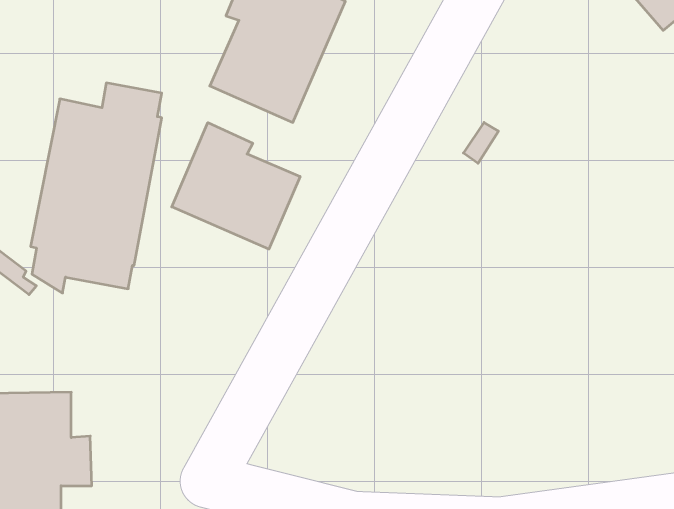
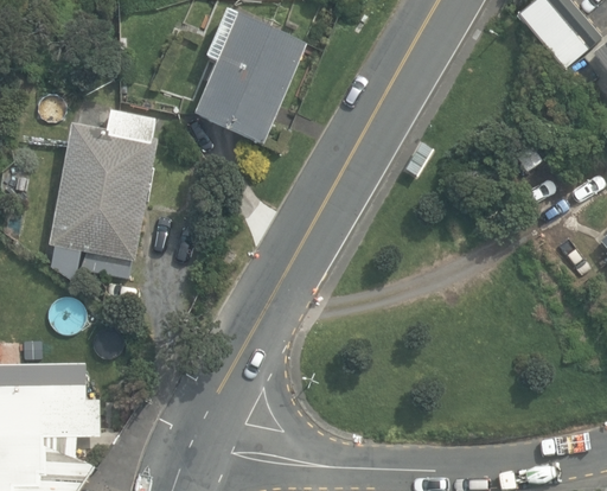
building: [172,123,300,249] -> none

